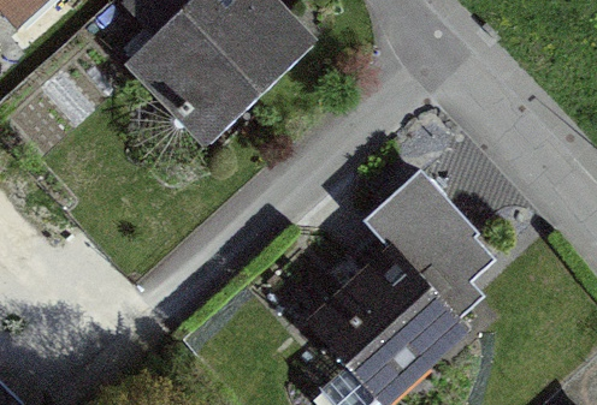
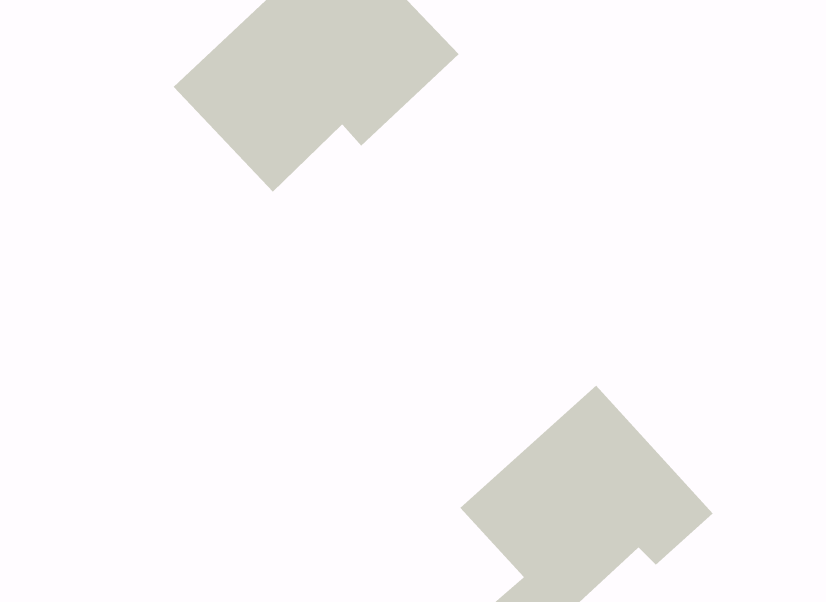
building: [367,169,514,320] -> none

